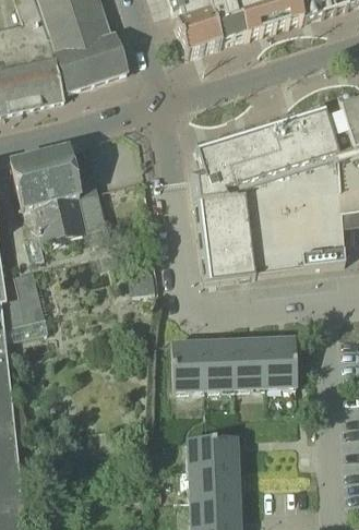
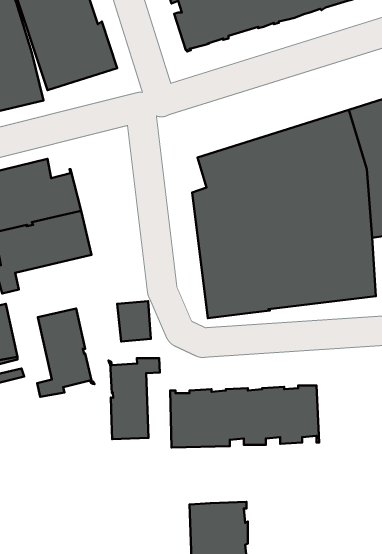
building: none -> [37,308,94,397]
building: none -> [109,358,160,439]

